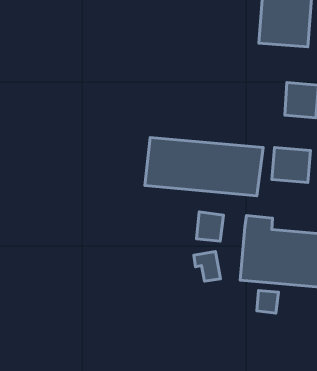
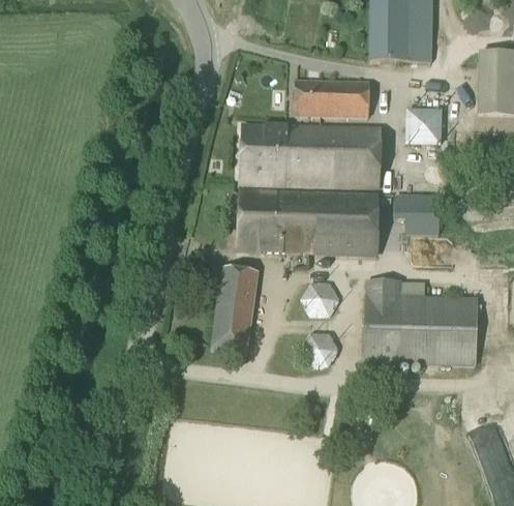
building: none -> [295,79,368,116]
building: none -> [239,123,387,187]
building: none -> [210,267,258,354]
building: [257,290,279,313] -> none

